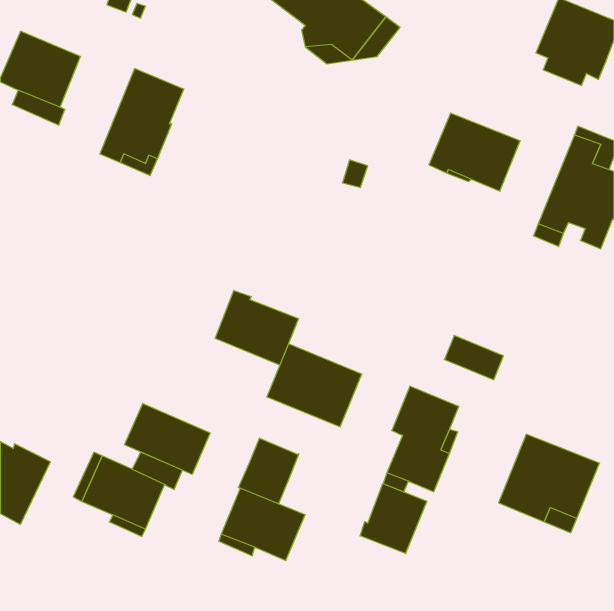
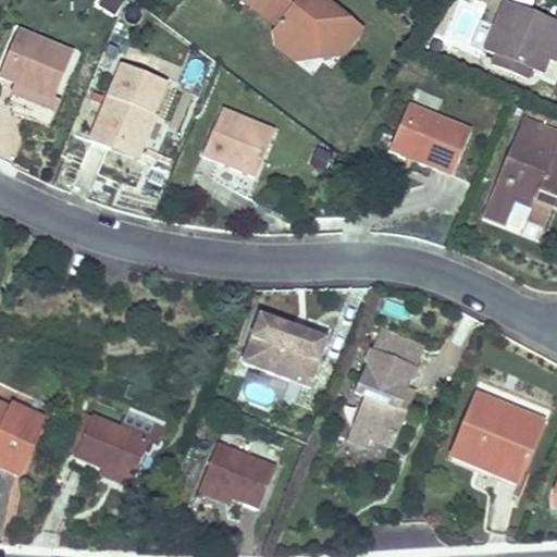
building: none -> [201,106,275,176]
building: [215,290,298,365] -> none
building: [444,335,503,380] -> [371,327,424,368]
building: [125,403,210,474] -> none
building: [239,438,299,504] -> none
building: [360,484,427,554] -> none

